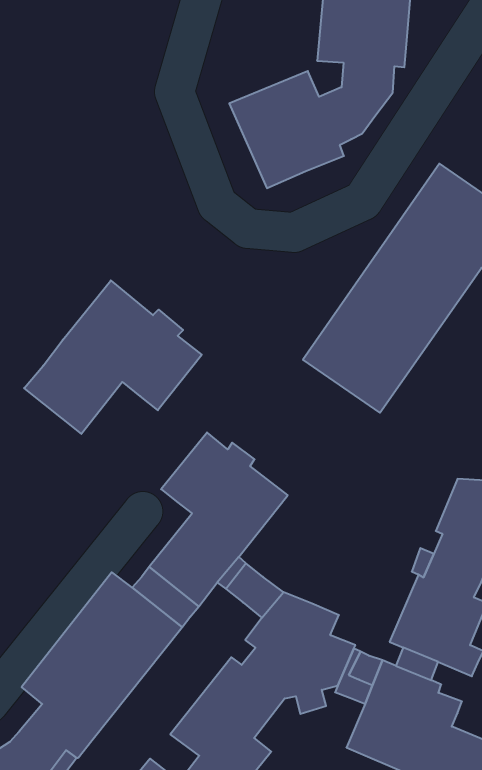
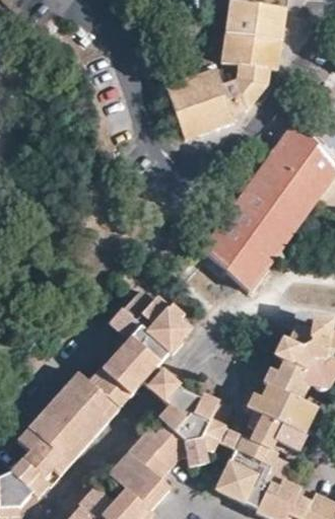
building: [24,280,202,434] -> none

